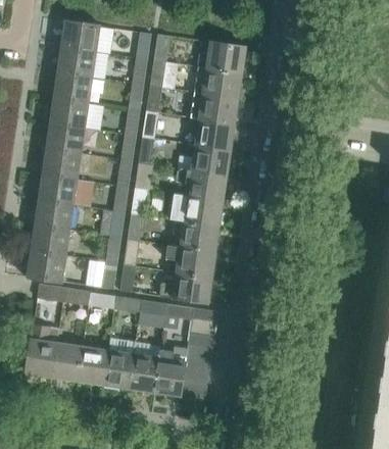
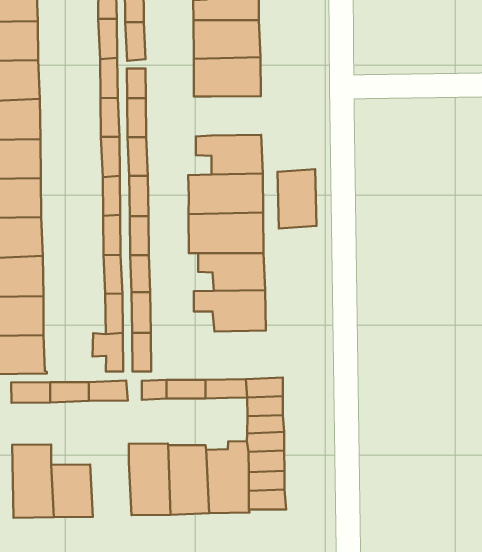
building: [196,119,233,150] -> none
building: none -> [278,169,316,228]
building: [159,273,210,304] -> none
building: [77,347,106,385] -> none

